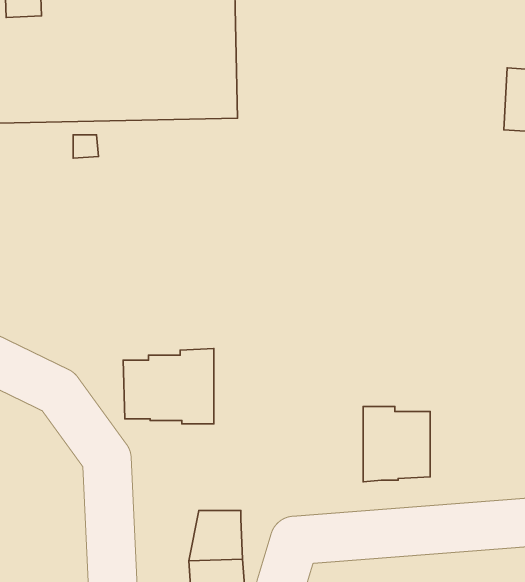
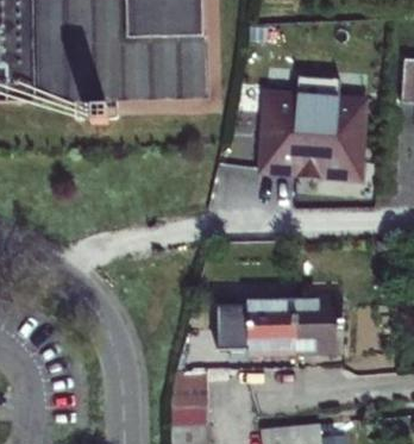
building: none -> [253,79,357,180]
building: [123,349,214,424] -> [228,299,293,352]

